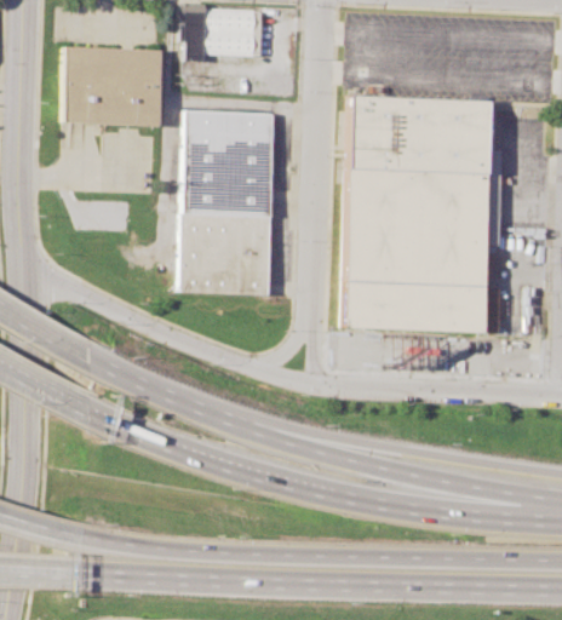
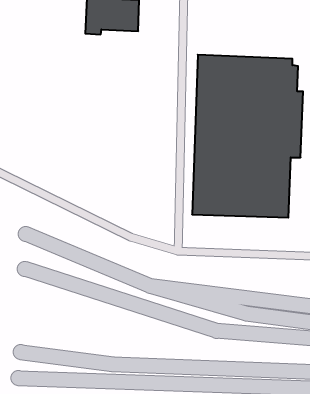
building: [62,45,160,127] -> none
building: [178,110,275,295] -> none

